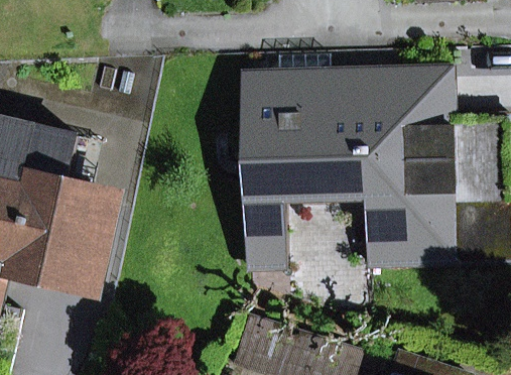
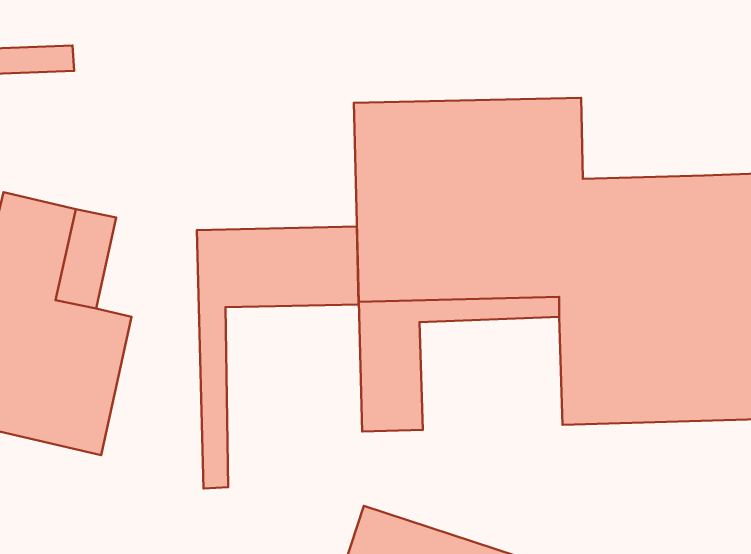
building: [375,69,449,119] -> none
building: none -> [197,226,359,489]

